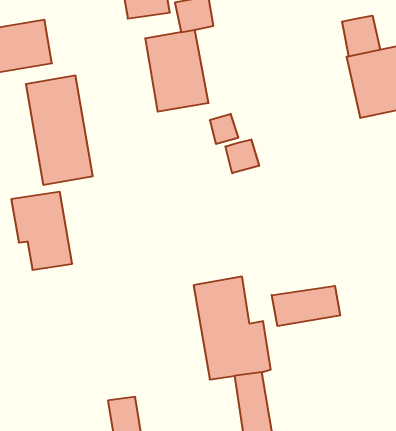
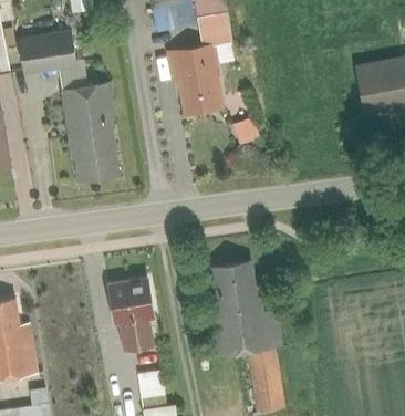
building: [342,16,380,57] -> none
building: [225,139,259,173] -> none
building: [11,192,72,270] -> [103,279,157,349]
building: [272,286,340,326] -> none

